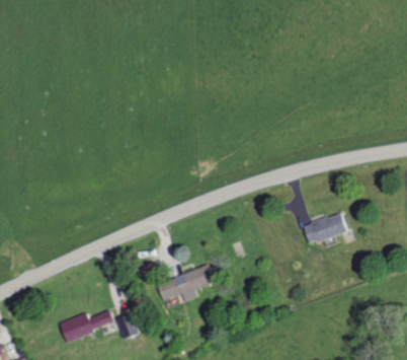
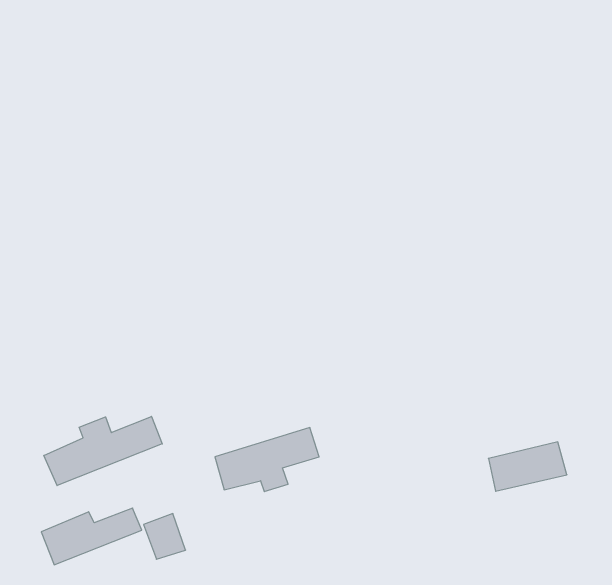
building: [304,215,347,242] -> [488,442,567,491]
building: none -> [44,416,162,486]

